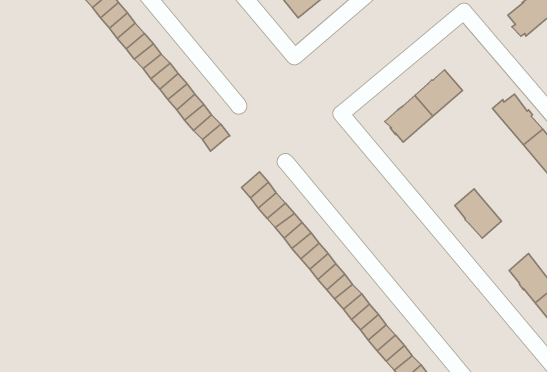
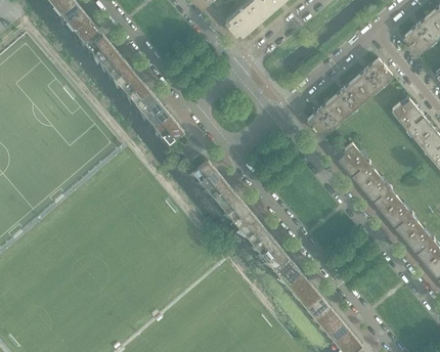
building: none -> [354,59,392,96]
building: none -> [339,143,378,187]
building: none -> [384,200,421,238]

